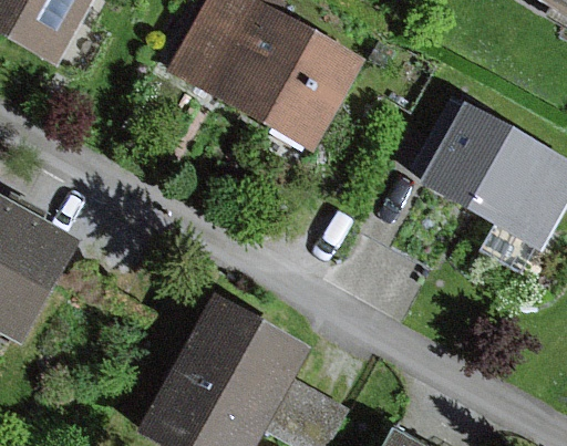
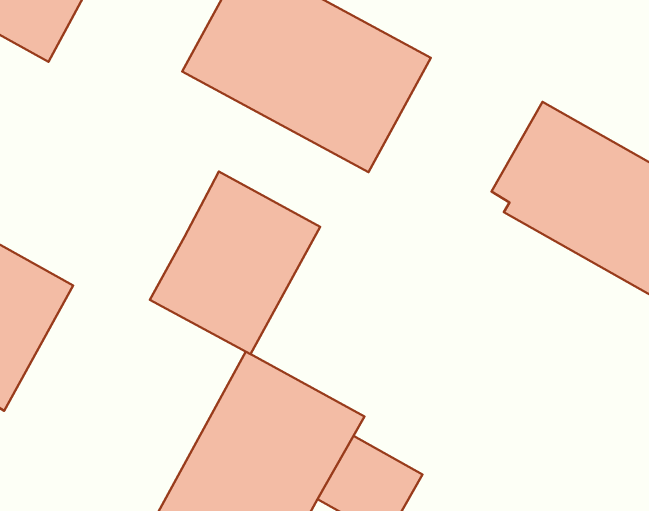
building: none -> [150,171,320,354]

